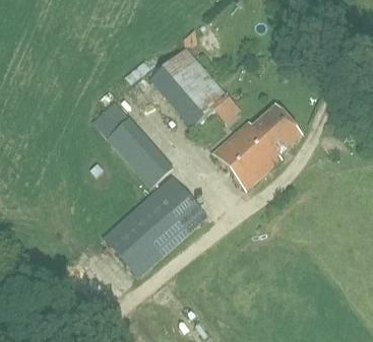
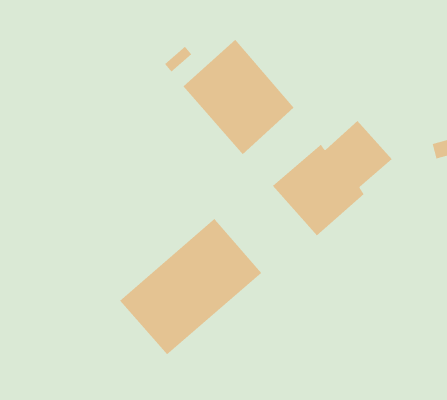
building: [98,108,174,188] -> none

